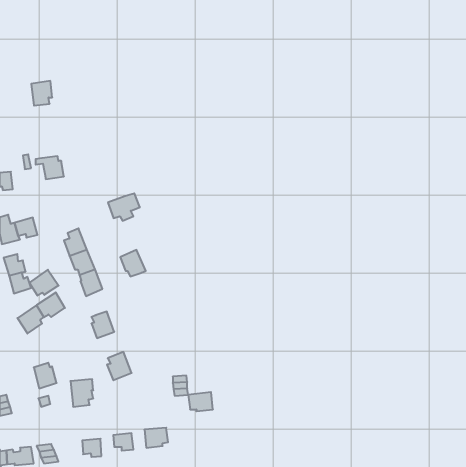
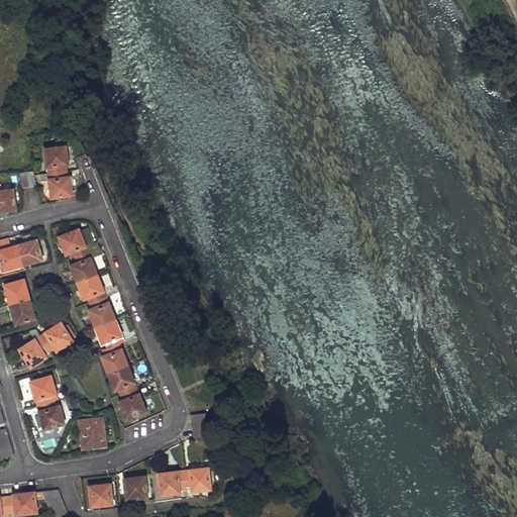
building: [31,81,52,106] -> [43,147,67,175]
building: [108,193,140,221] -> [59,227,94,257]
building: [120,250,146,276] -> [95,319,123,348]
building: [29,270,59,296] -> none
building: none -> [107,367,136,396]
building: none -> [30,375,55,406]
building: [188,392,213,411] -> [184,470,211,491]

